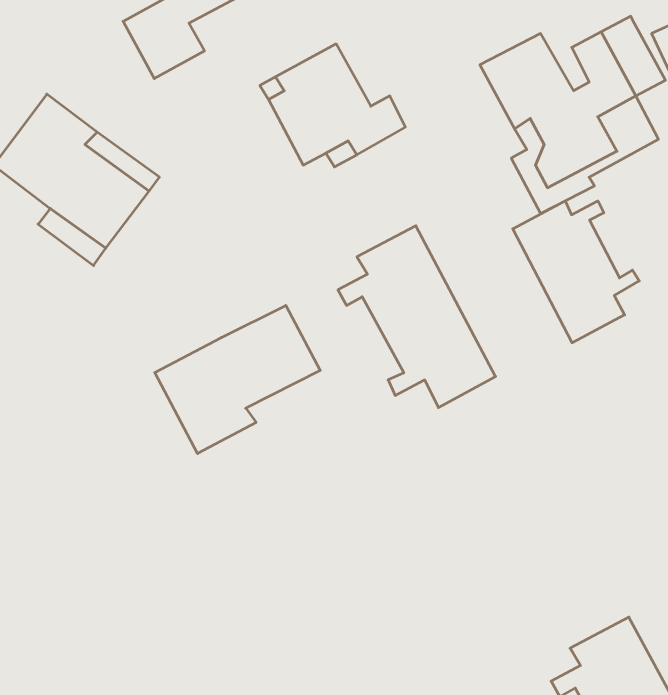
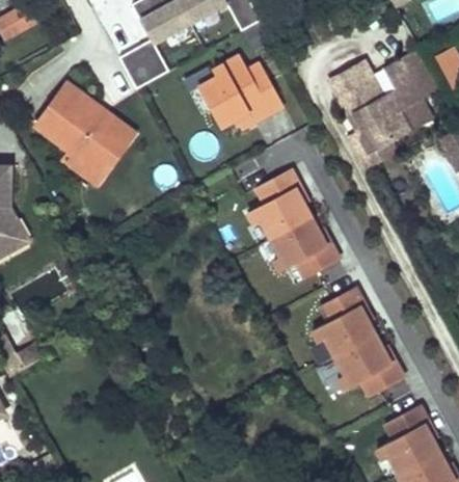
building: [513,201,639,343] -> none
building: [155,305,320,454] -> none
building: none -> [307,287,402,396]

